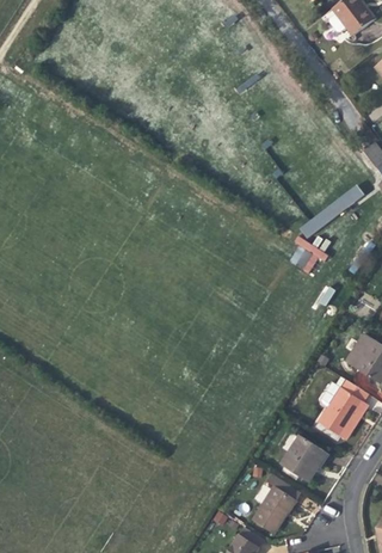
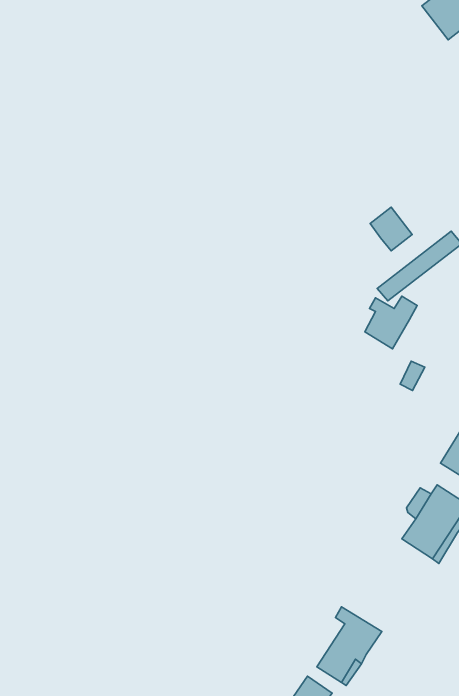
building: none -> [370,207,412,251]
building: [281,435,324,483] -> none

